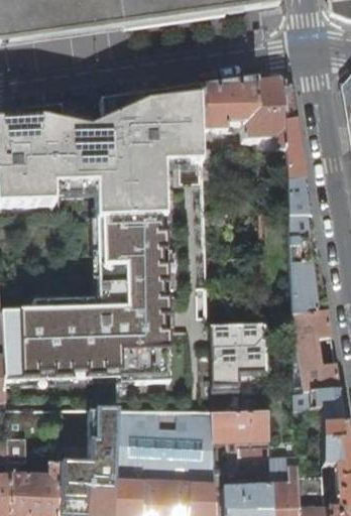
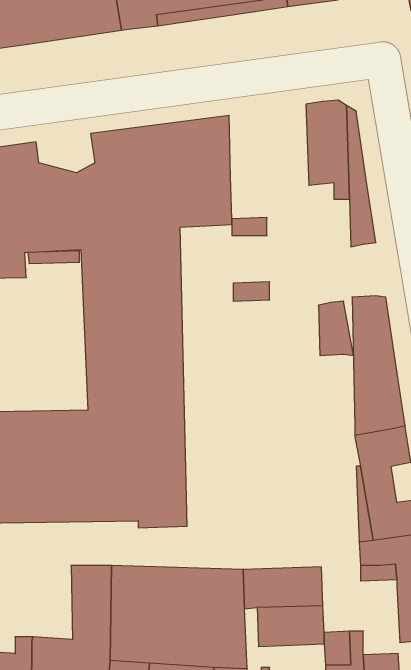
building: [200,79,258,144] -> none
building: [287,178,313,218] -> [318,301,353,356]
building: [209,327,265,395] -> none

